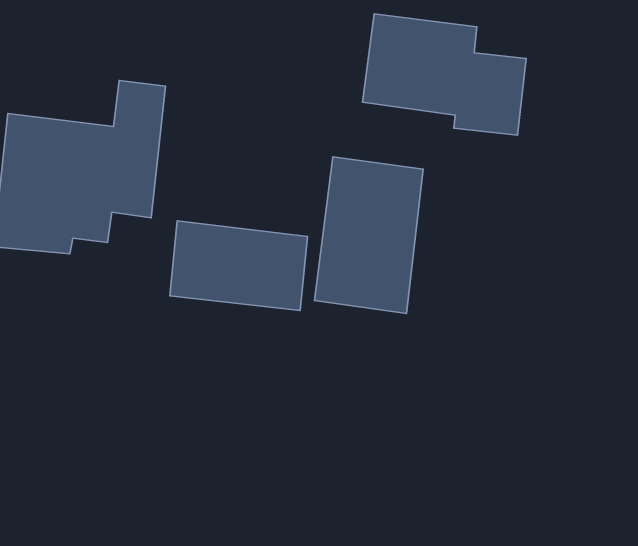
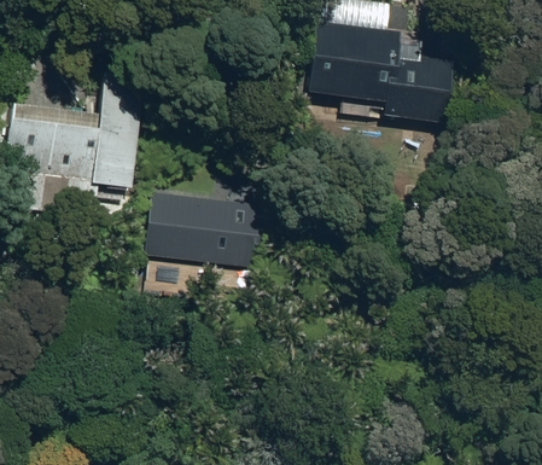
building: [314,157,423,314] -> none

